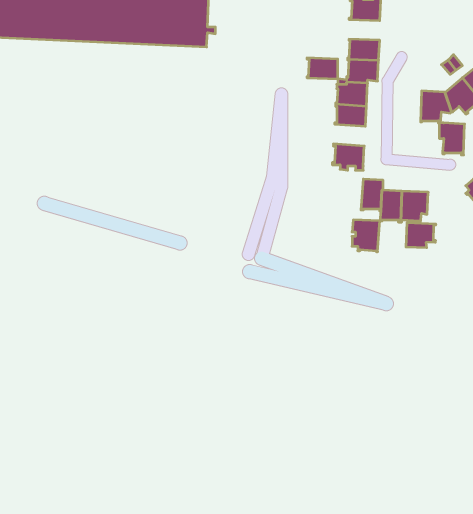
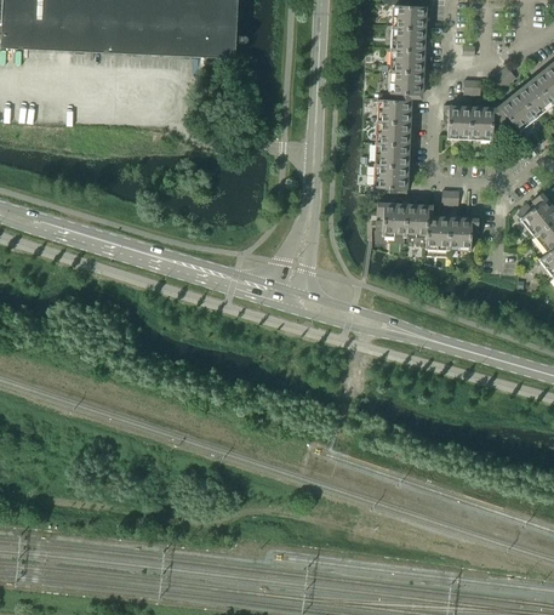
building: [307,58,338,79] -> [392,27,426,50]
building: [439,123,465,155] -> [444,104,472,139]
building: none -> [375,142,410,166]
building: [352,220,380,252] -> [377,201,407,237]
building: [406,223,436,248] -> none

